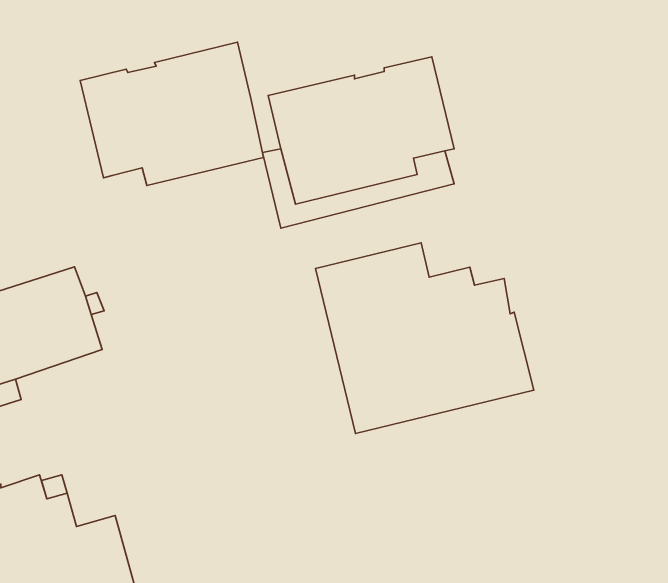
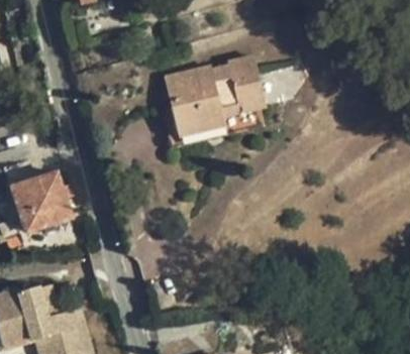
building: [80,42,264,185] -> none
building: [315,243,534,433] -> none

